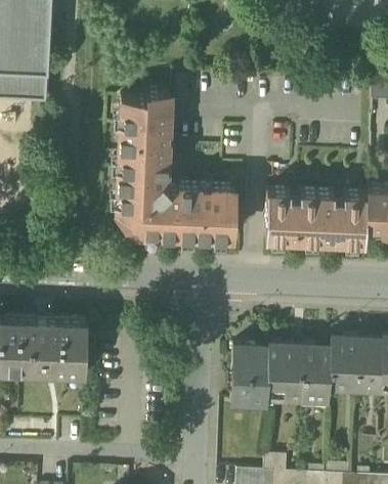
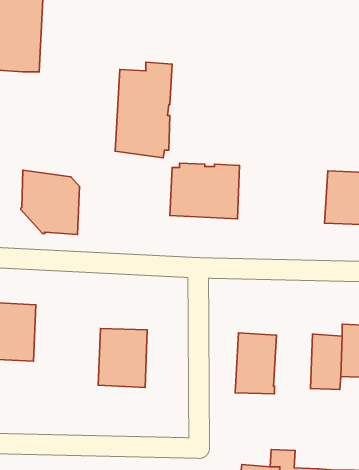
building: [117,173,172,233] -> [21,170,80,234]
building: [266,189,318,240] -> none
building: [42,317,88,372] -> [98,329,147,387]
building: [267,343,305,396] -> none

